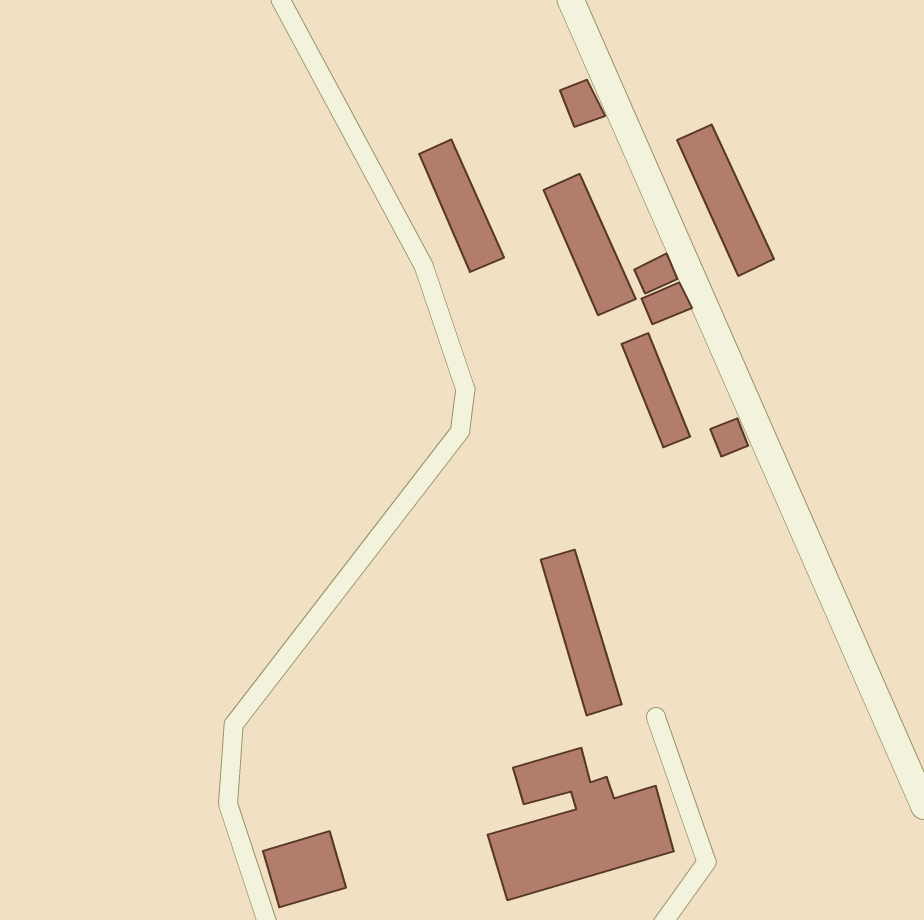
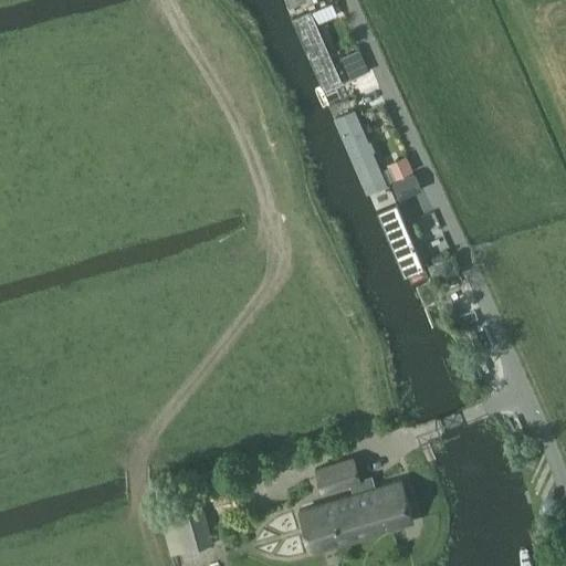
building: [677,124,774,276] -> none
building: [419,140,504,272] -> [291,12,343,93]
building: [541,550,622,716] -> none

